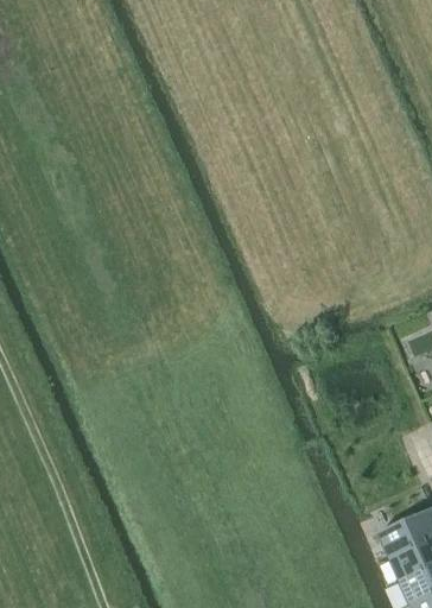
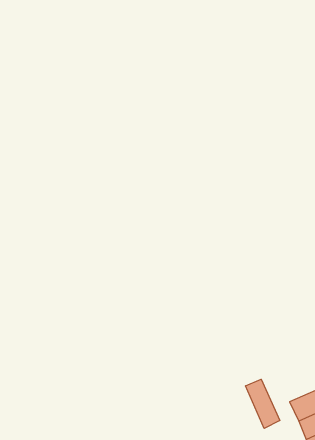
building: none -> [246,379,280,428]

